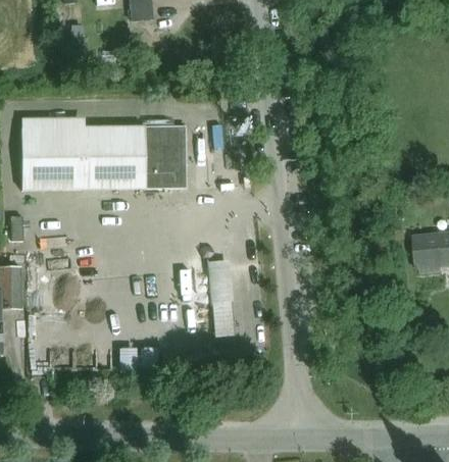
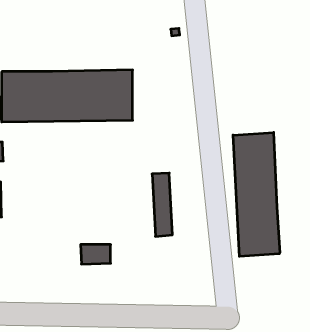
building: none -> [233,132,280,256]

